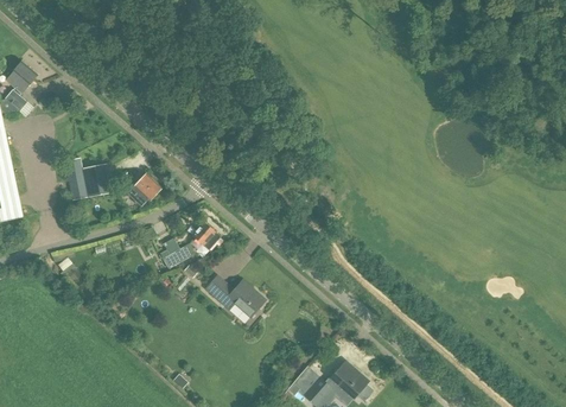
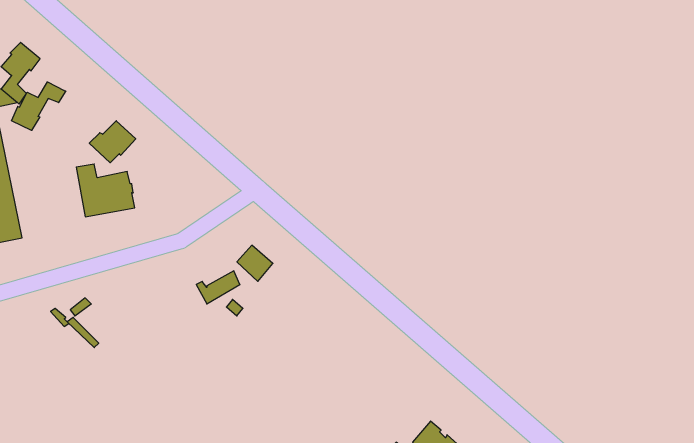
building: none -> [11,82,66,130]
building: [125,173,161,206] -> [89,121,136,163]
building: [205,275,266,317] -> none

